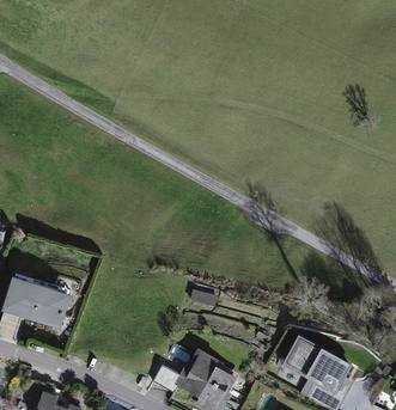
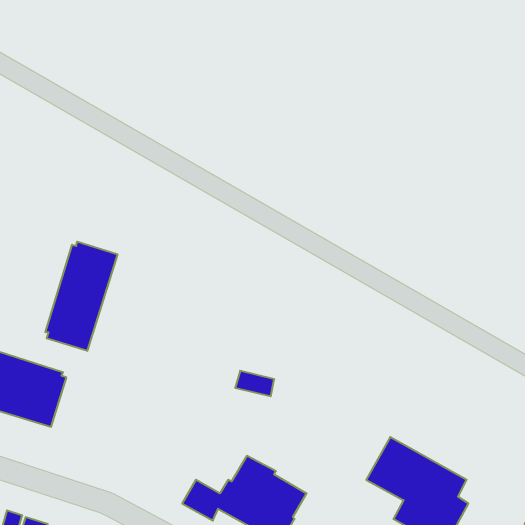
building: none -> [45,242,117,351]

